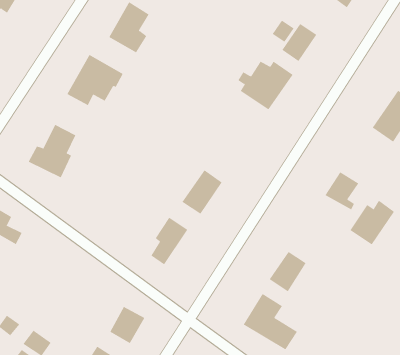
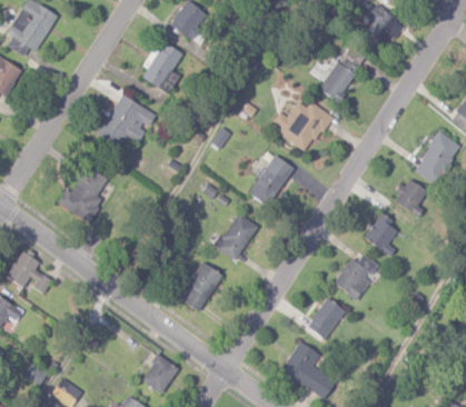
building: none -> [248,153,294,206]
building: none -> [394,178,429,214]
building: [350,200,395,245] -> [333,252,379,299]

